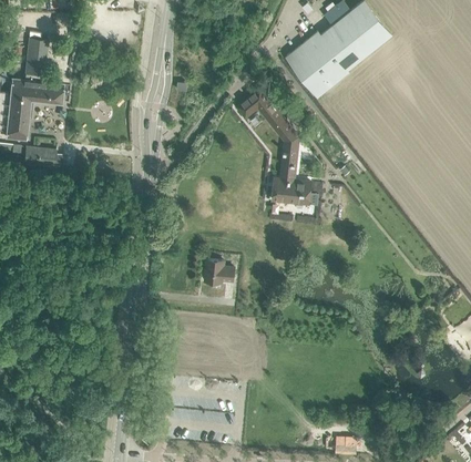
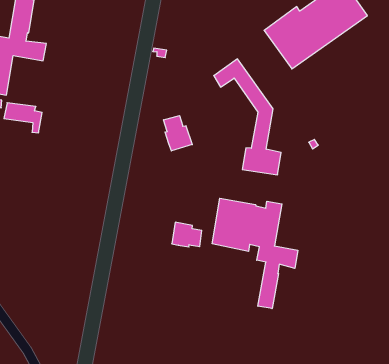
building: none -> [164,116,192,151]
building: none -> [212,198,298,309]

